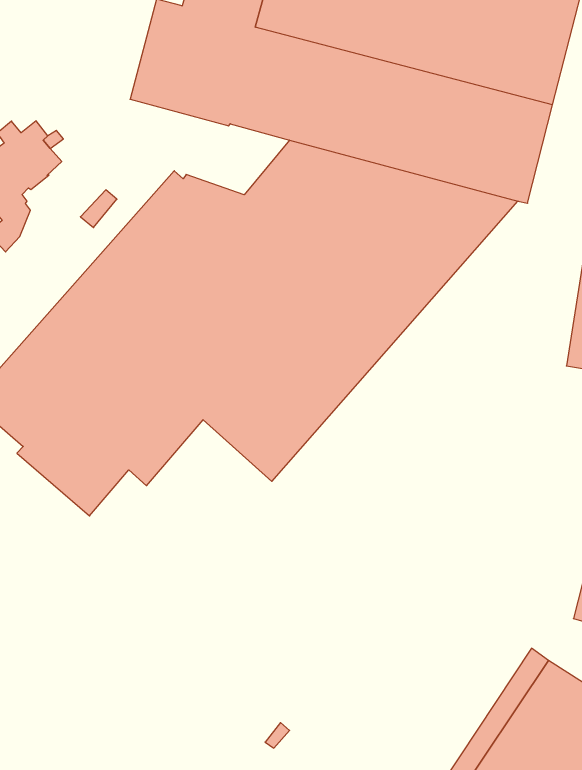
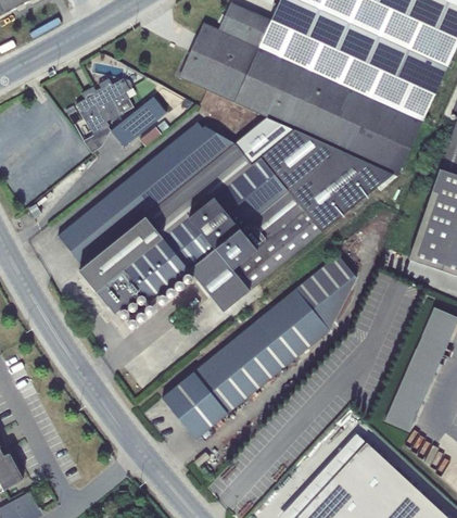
building: none -> [111,96,167,146]
building: none -> [162,254,357,439]

